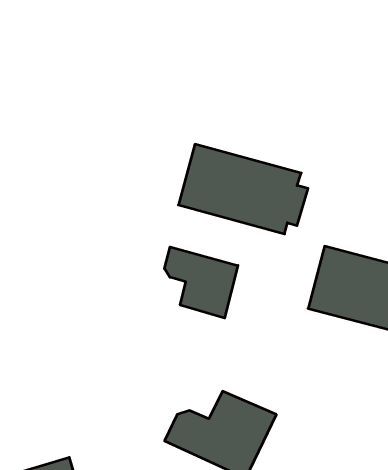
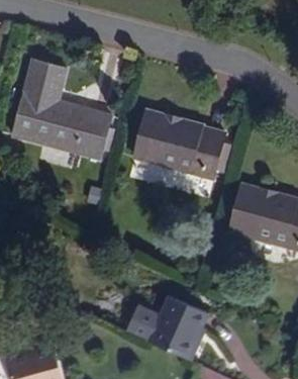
building: none -> [11,63,109,160]
building: [164,247,238,318] -> none

